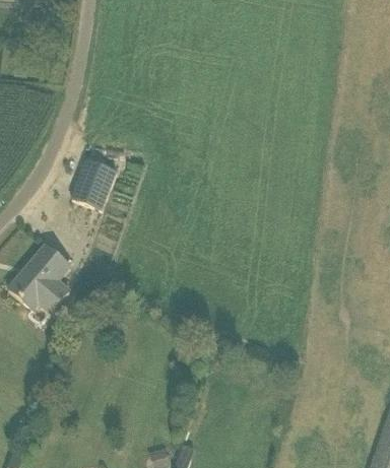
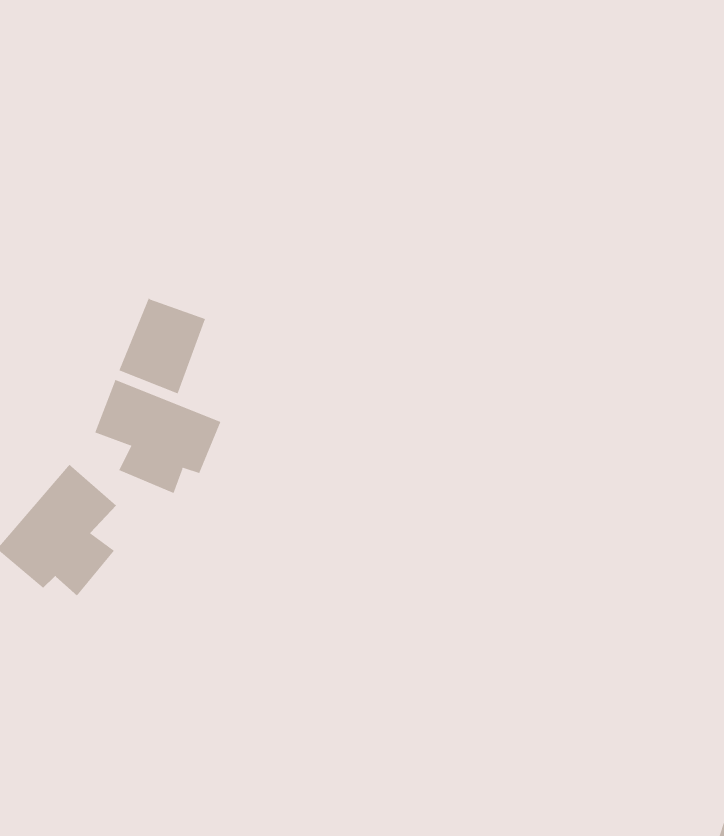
building: none -> [94,379,221,494]

